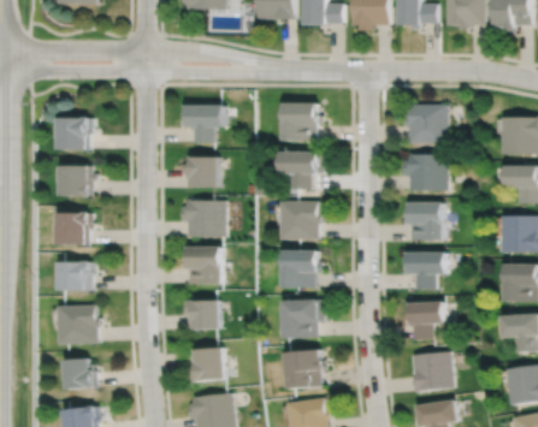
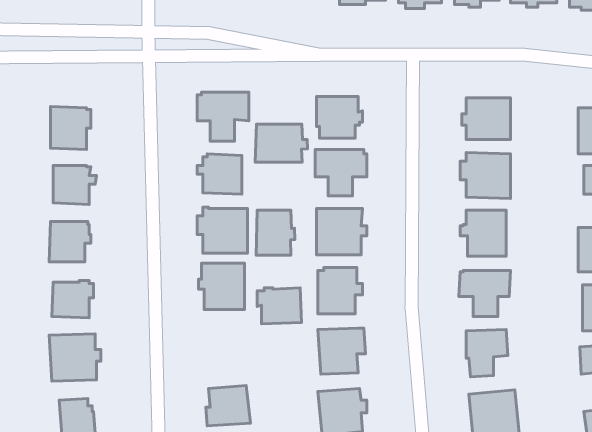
building: none -> [255,124,307,162]
building: none -> [256,210,295,255]
building: [183,300,220,330] -> [257,288,302,324]

